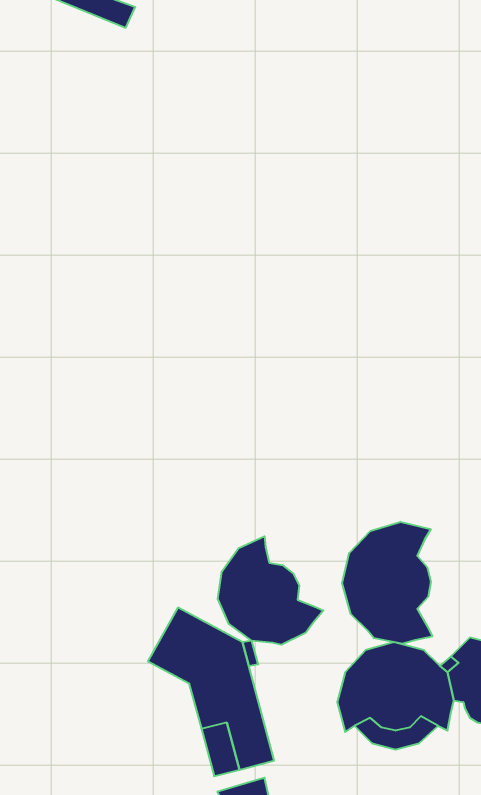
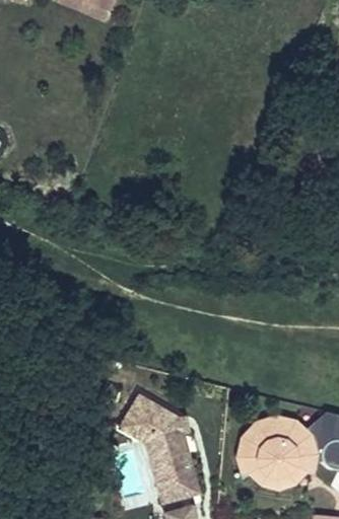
building: [342,522,432,644] -> none
building: [218,536,323,645] -> none

